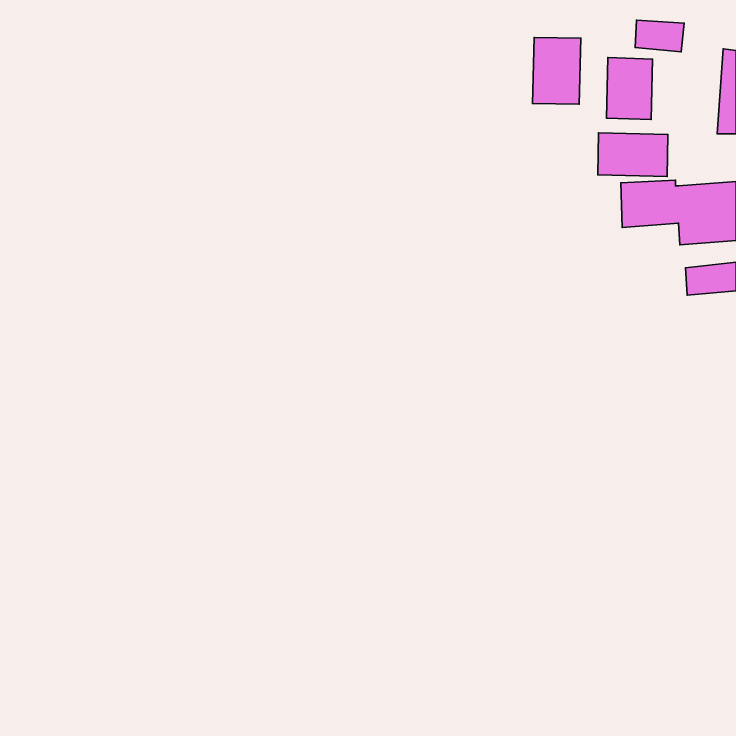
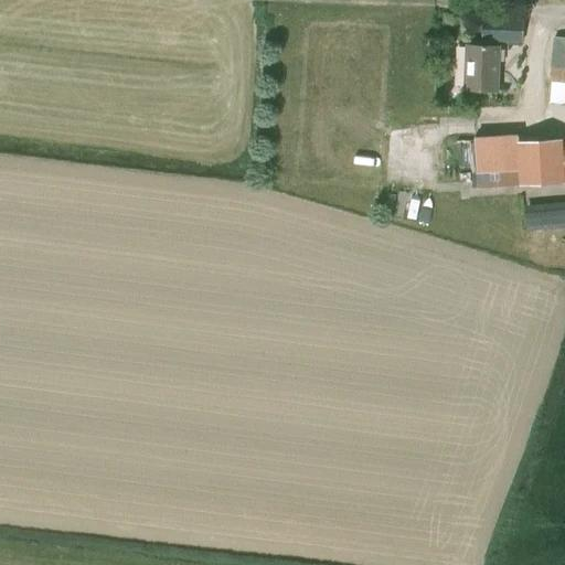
building: [533,38,581,104] -> none
building: [598,133,668,177] -> none

